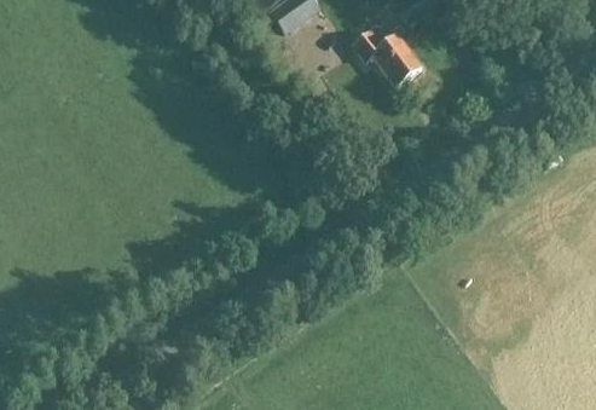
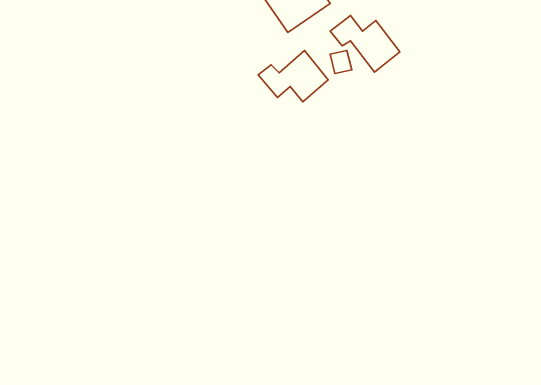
building: none -> [258,51,328,102]

